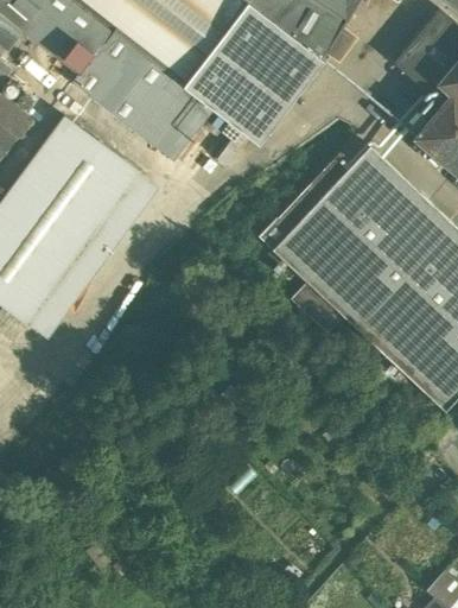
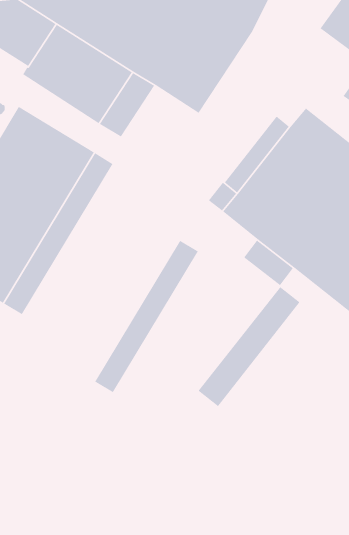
building: none -> [94,240,199,393]
building: none -> [197,286,301,407]

